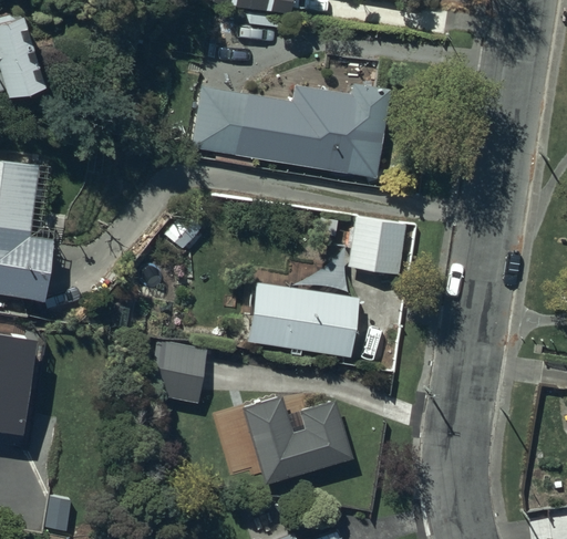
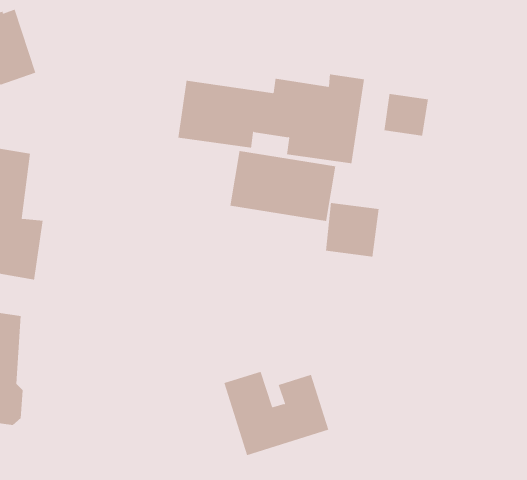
building: none -> [384,93,429,136]
building: [247,282,360,357] -> [230,150,336,222]
building: [151,342,206,402] -> none

